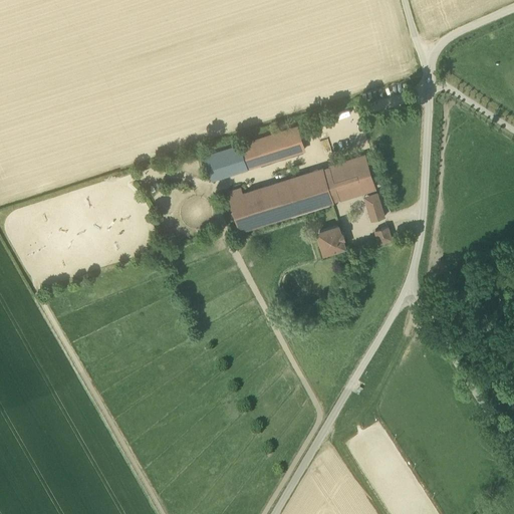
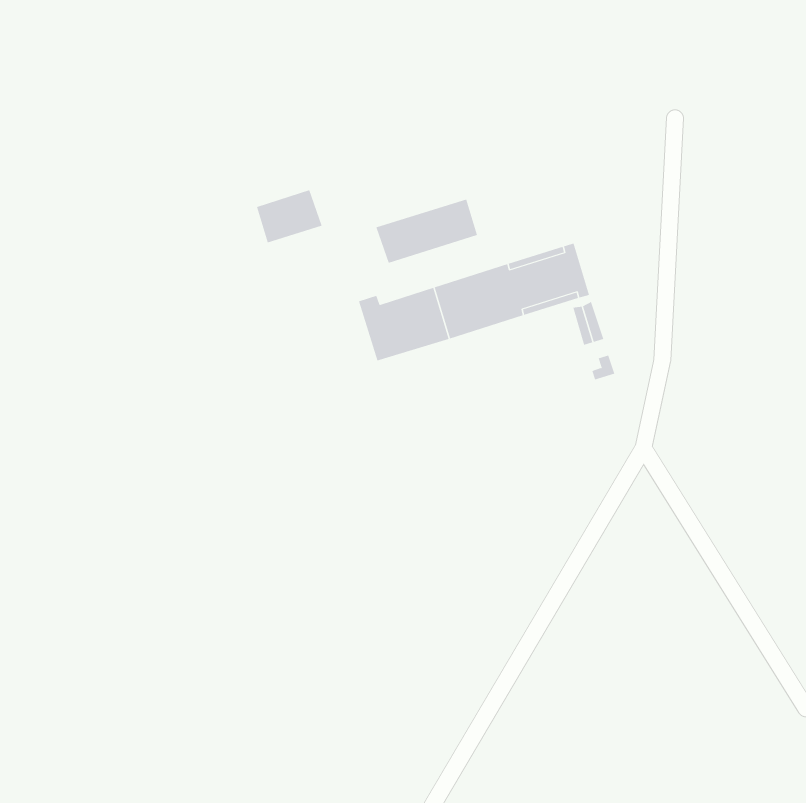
building: [205,147,247,181] -> [256,189,323,243]
building: [317,227,344,254] -> none

